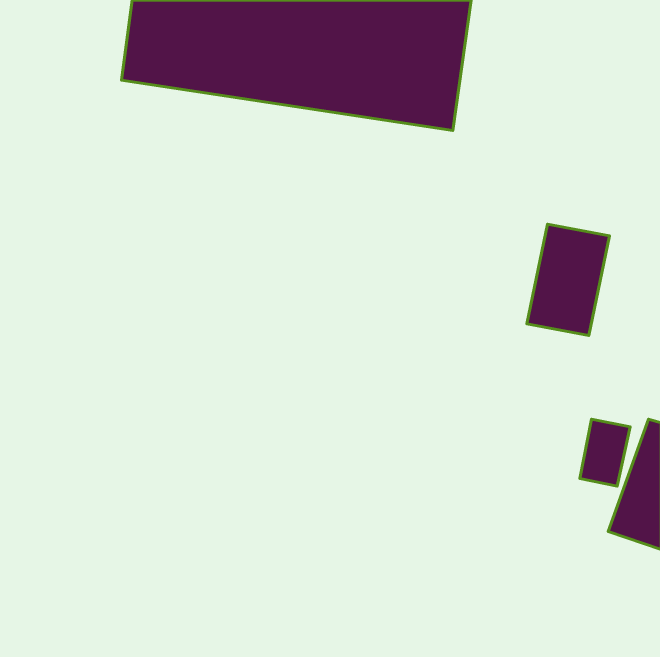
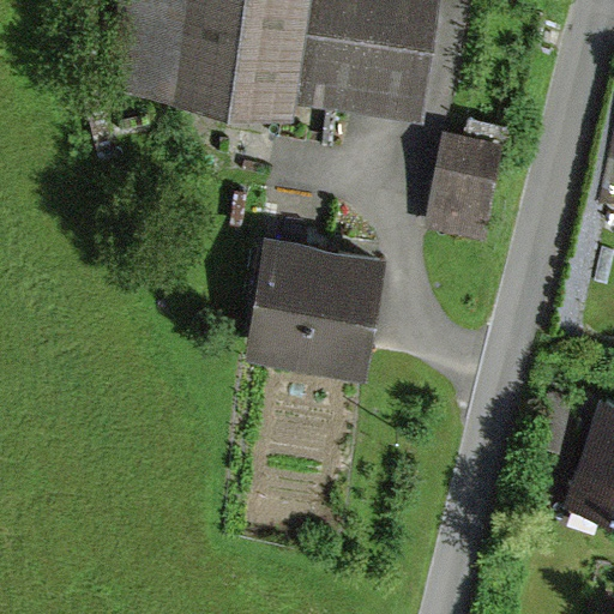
building: [527,224,610,335] -> [425,131,501,234]
building: none -> [248,237,384,372]

